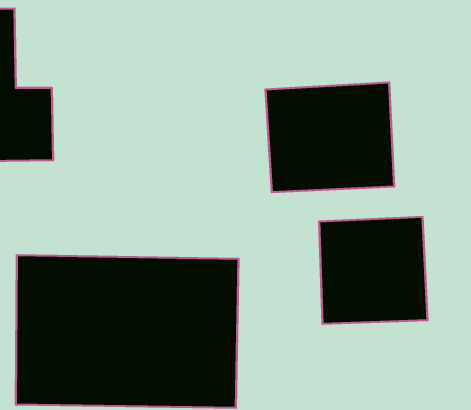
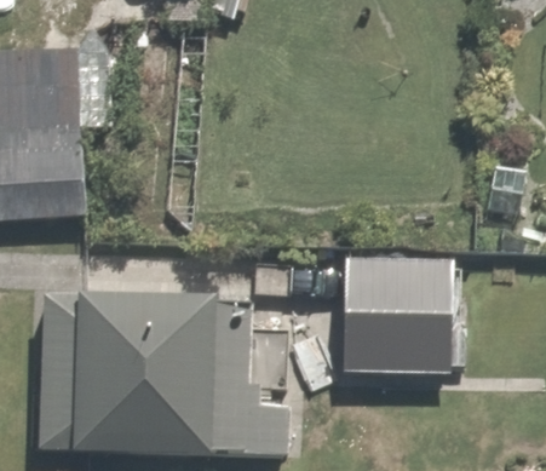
building: [266,82,394,192] -> none

